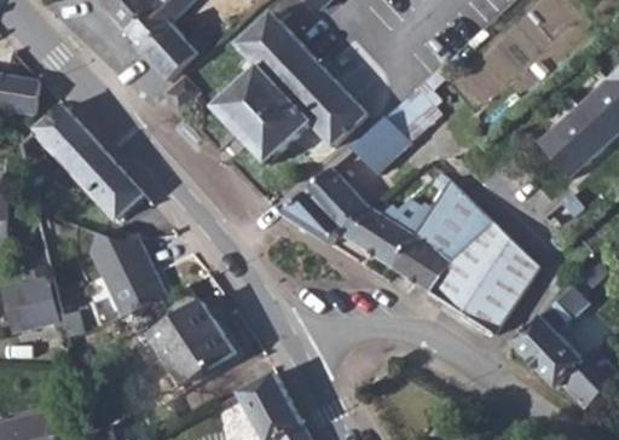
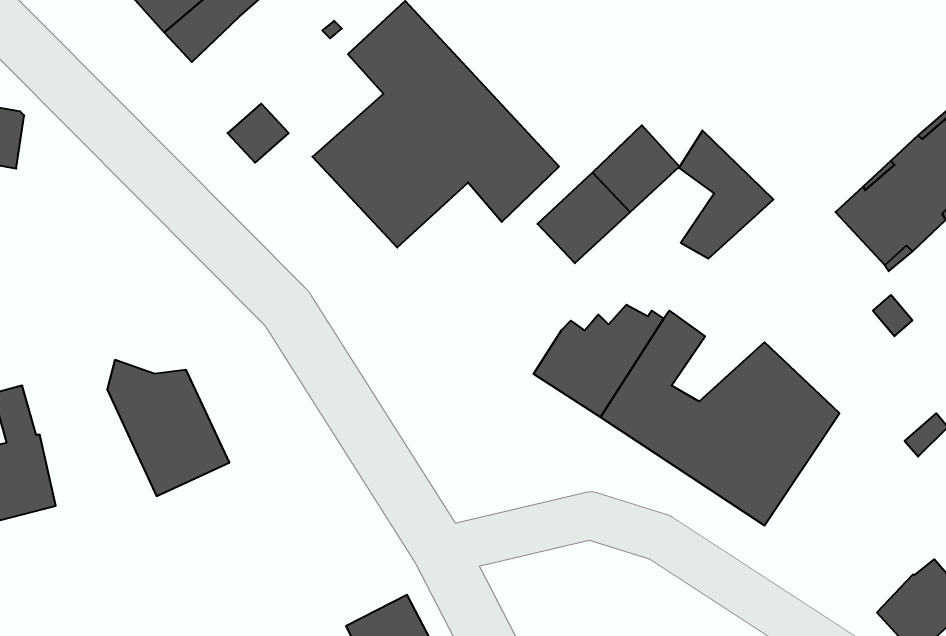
building: [141,21,212,80] -> none
building: [35,105,143,216] -> none
building: [282,166,374,243] -> none
building: [434,178,492,256] -> [679,130,773,259]
building: [510,288,586,392] -> none
building: [150,302,233,384] -> none

